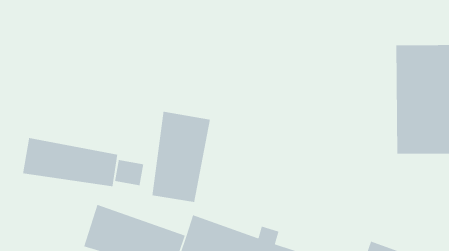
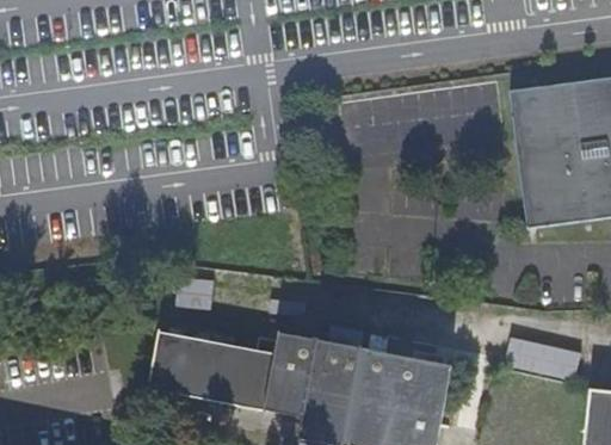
building: [151,111,211,203] -> none
building: [22,137,118,187] -> none

